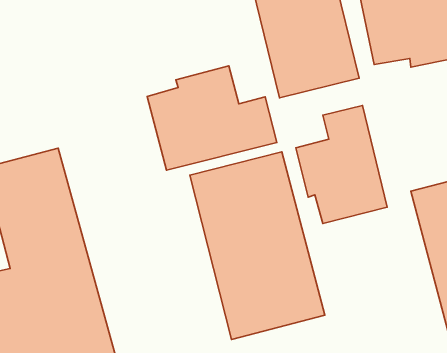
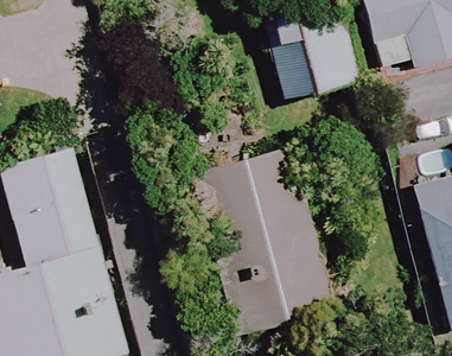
building: [147,66,277,170] -> none
building: [296,105,387,224] -> none

